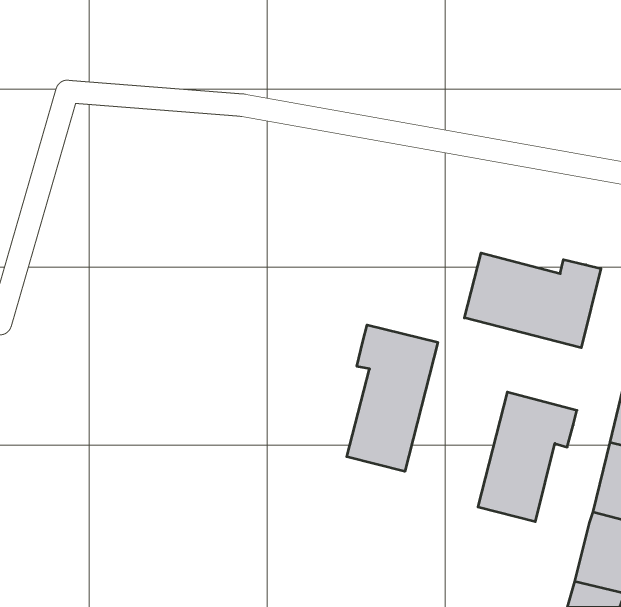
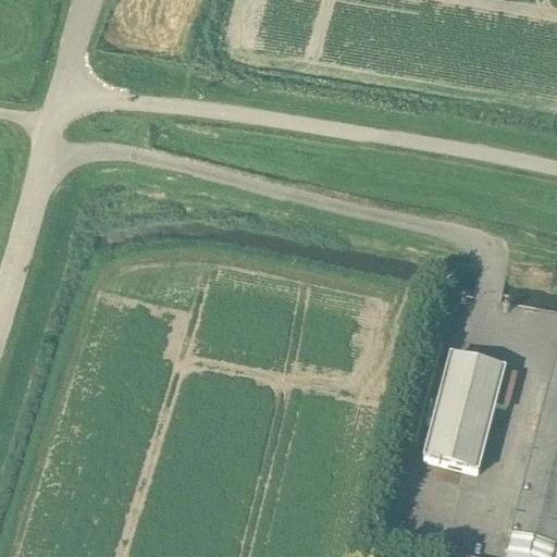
building: [464,253,601,348] -> none
building: [347,325,438,471] -> none

